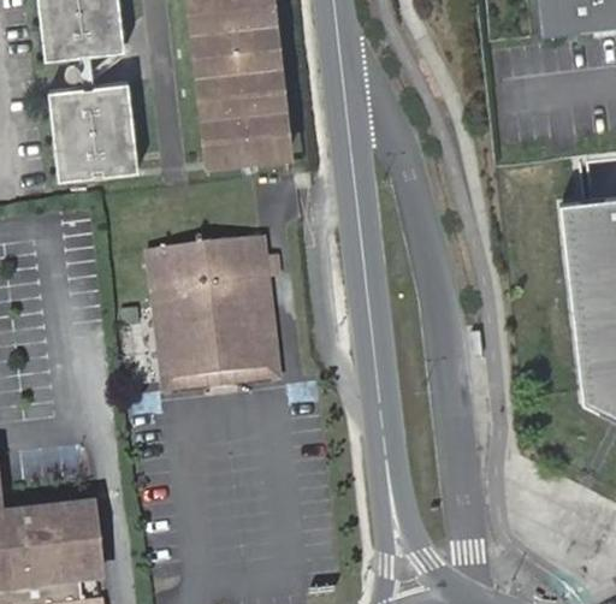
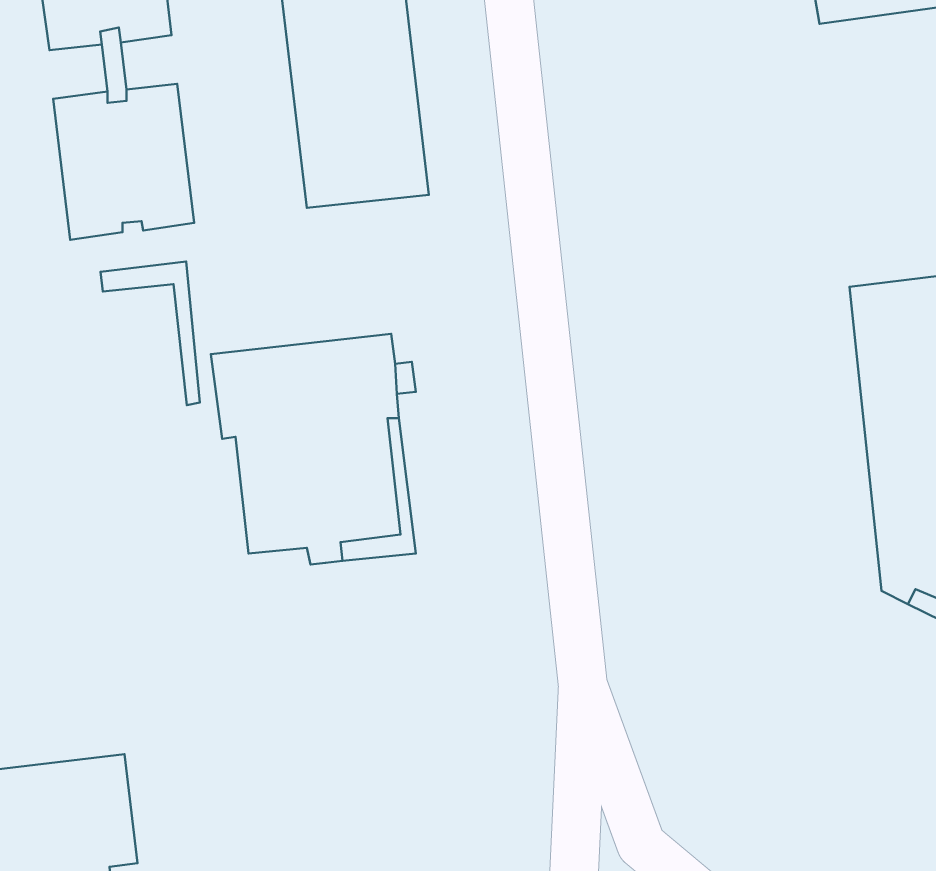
building: none -> [100,262,200,405]
building: [155,301,212,389] -> none

